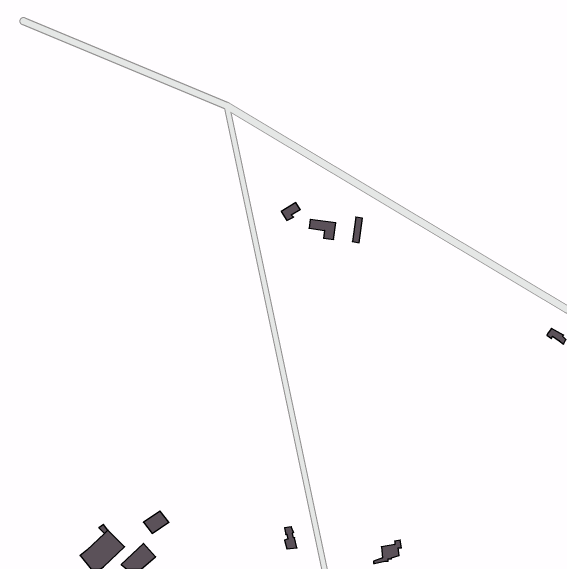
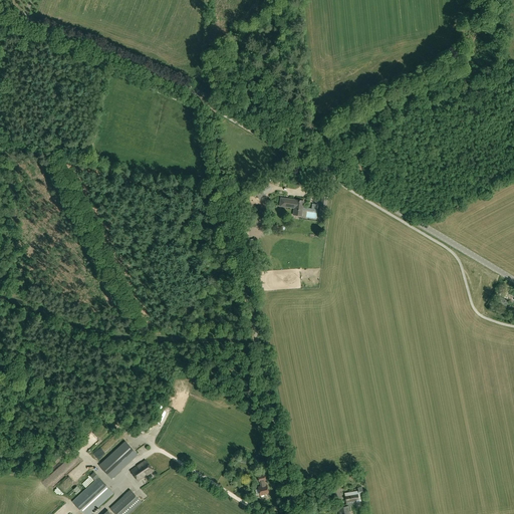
building: none -> [98,442,137,478]

